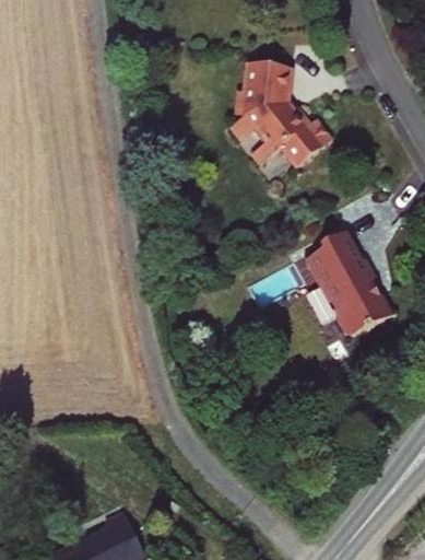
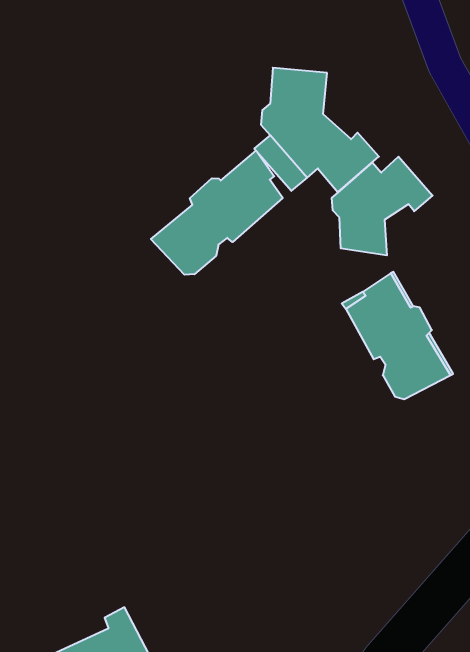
building: none -> [151,151,283,275]
building: none -> [332,157,433,255]

